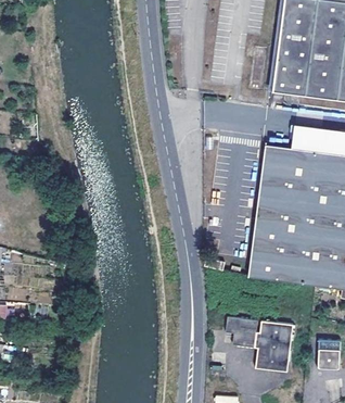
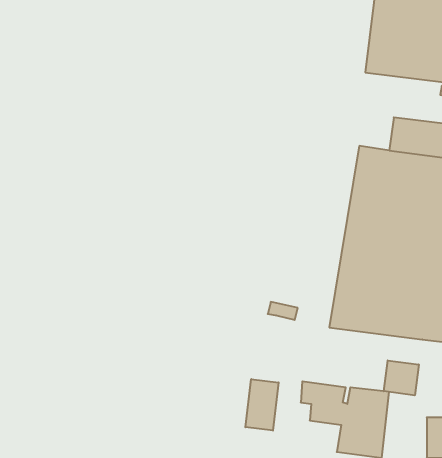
building: none -> [384,360,419,395]
building: none -> [245,379,279,431]

